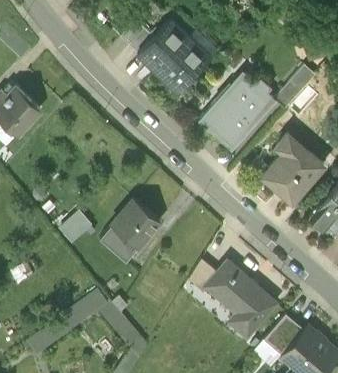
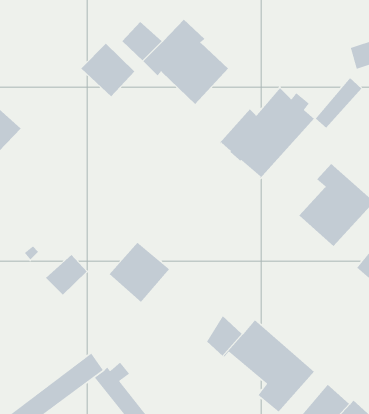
building: none -> [81,43,135,97]
building: [99,225,137,262] -> none

